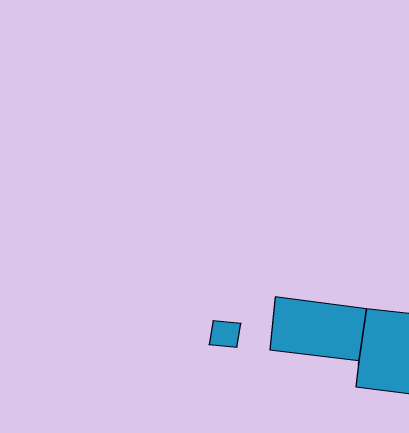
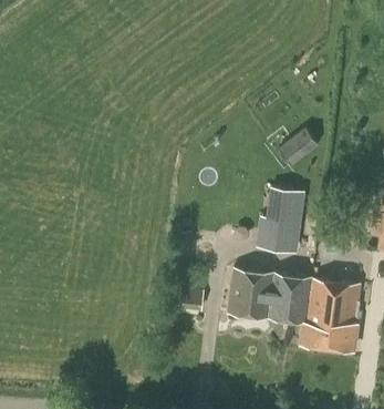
building: none -> [277,129,316,166]
building: none -> [255,187,307,253]

